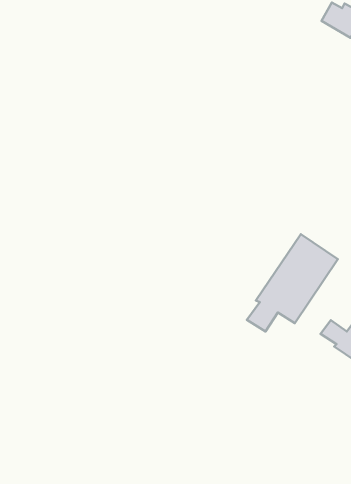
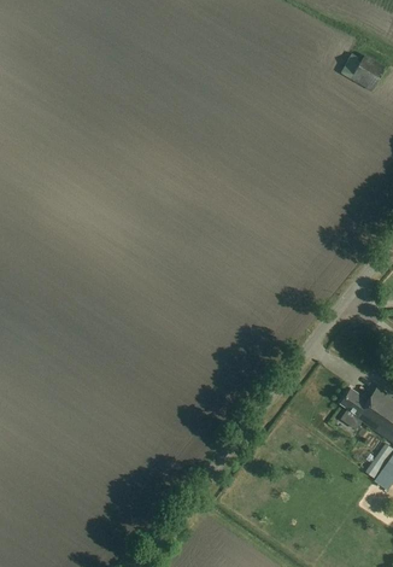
building: [247,234,338,332] -> none

